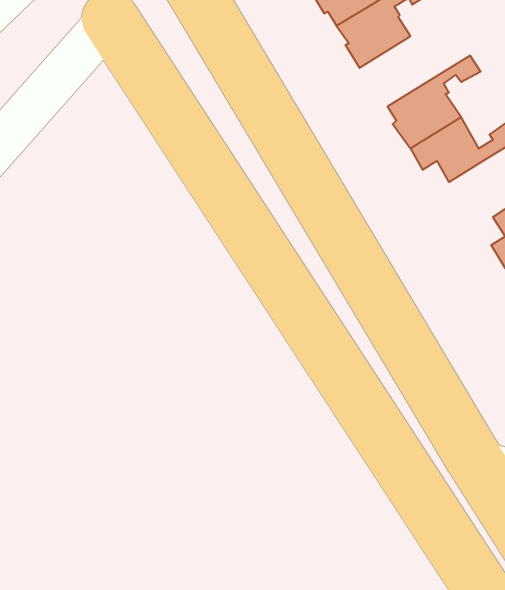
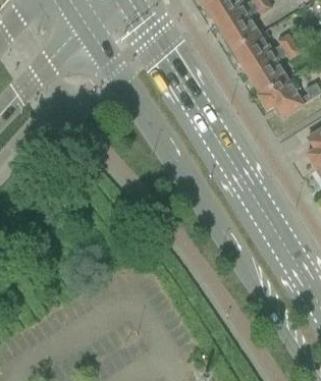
building: none -> [231,32,296,72]

